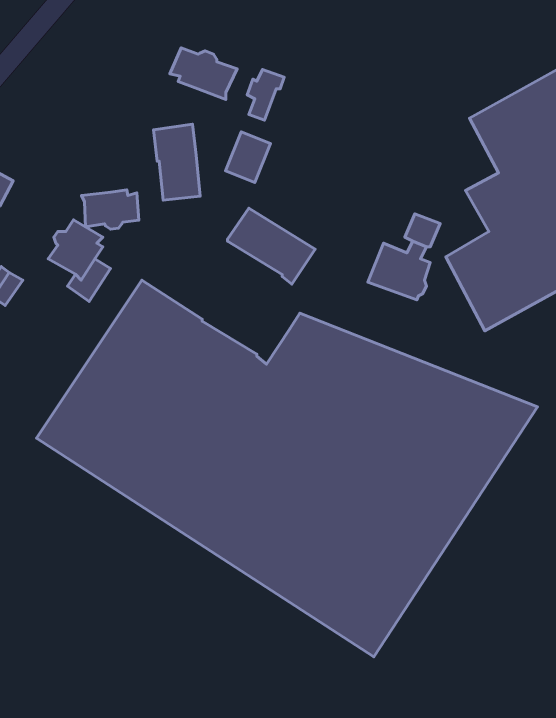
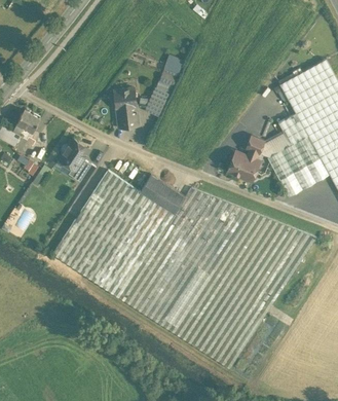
building: [170,48,237,99] -> none
building: [82,190,139,229] -> none
building: [228,208,315,284] -> [139,174,185,214]

